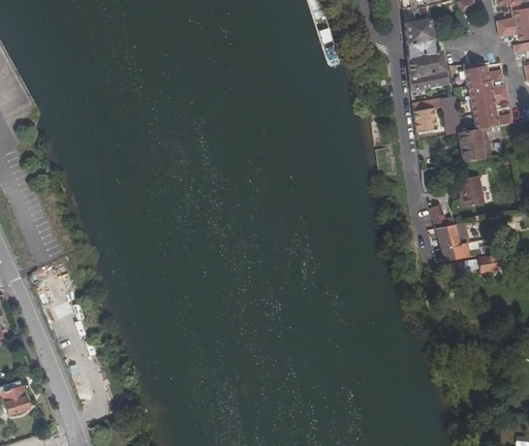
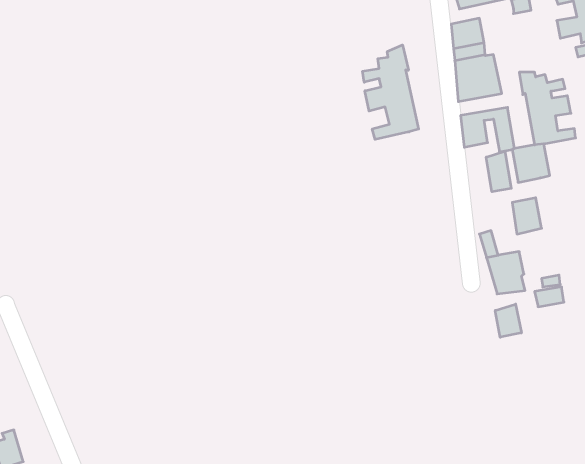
building: none -> [363,45,419,139]
building: none -> [486,151,511,192]
building: none -> [495,304,521,337]

